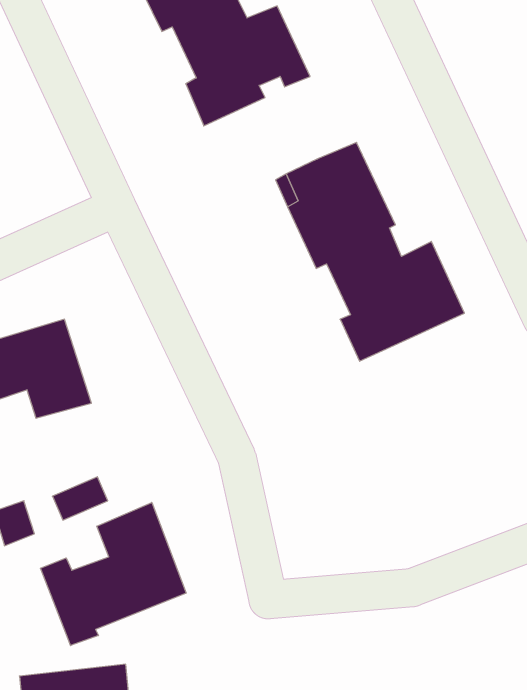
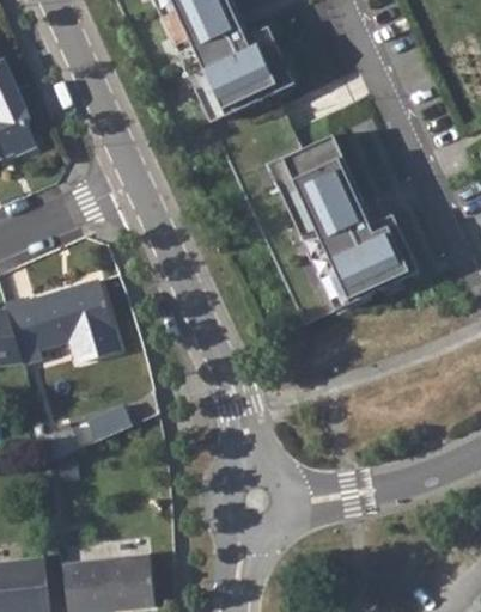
building: [40,502,186,646] -> none

